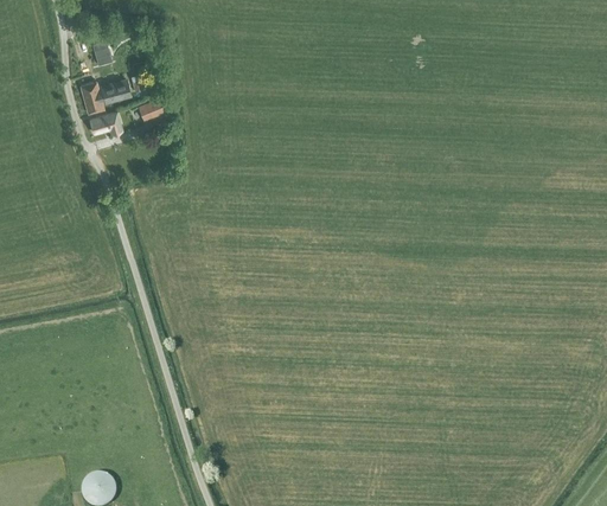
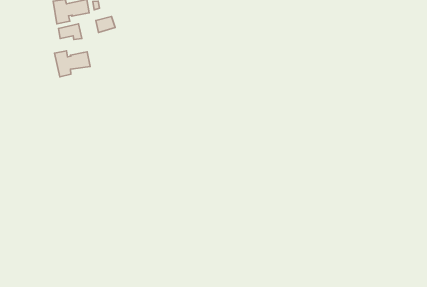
building: none -> [54,51,90,77]

